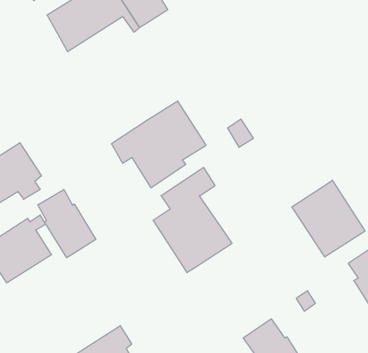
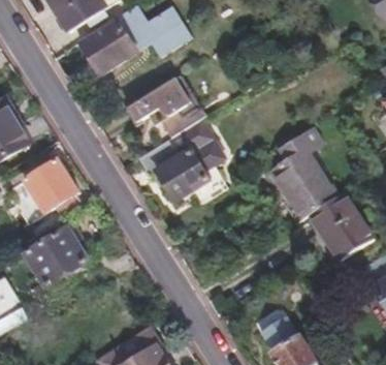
building: none -> [129,73,207,136]
building: [153,168,232,273] -> [268,124,341,220]
building: [38,189,96,258] -> none

